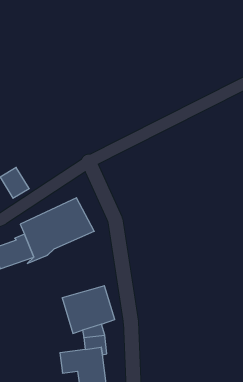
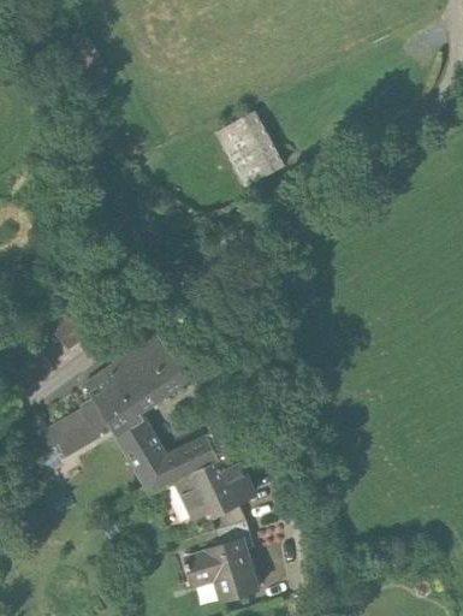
building: none -> [222,107,291,183]
building: none -> [112,397,230,491]

